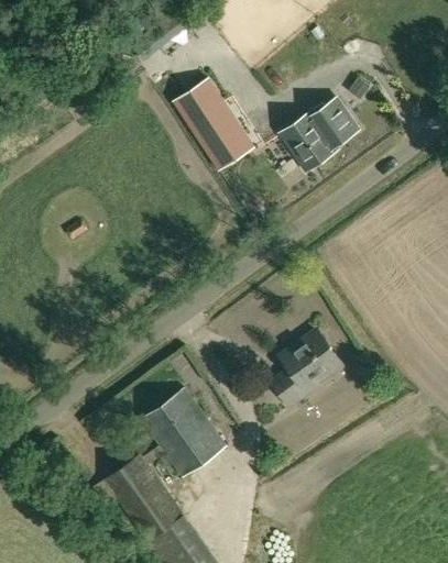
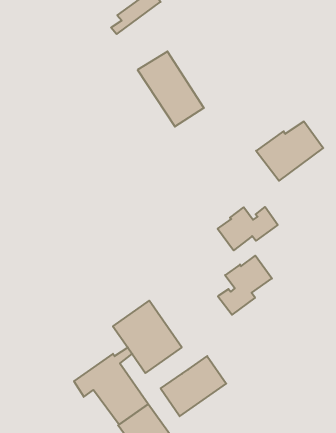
building: [277,98,361,172] -> [256,122,323,181]
building: none -> [218,207,278,250]
building: none -> [161,356,226,416]

